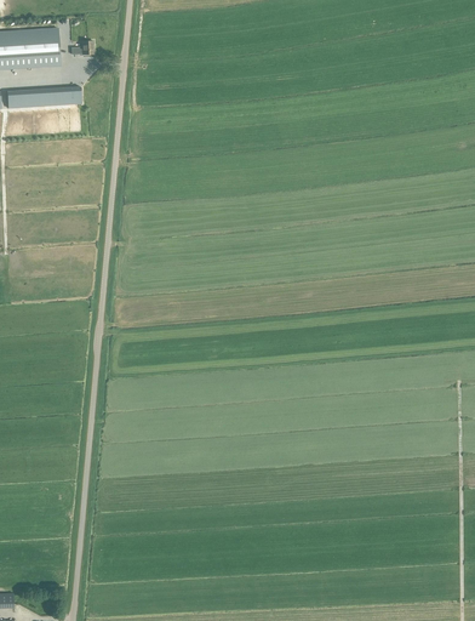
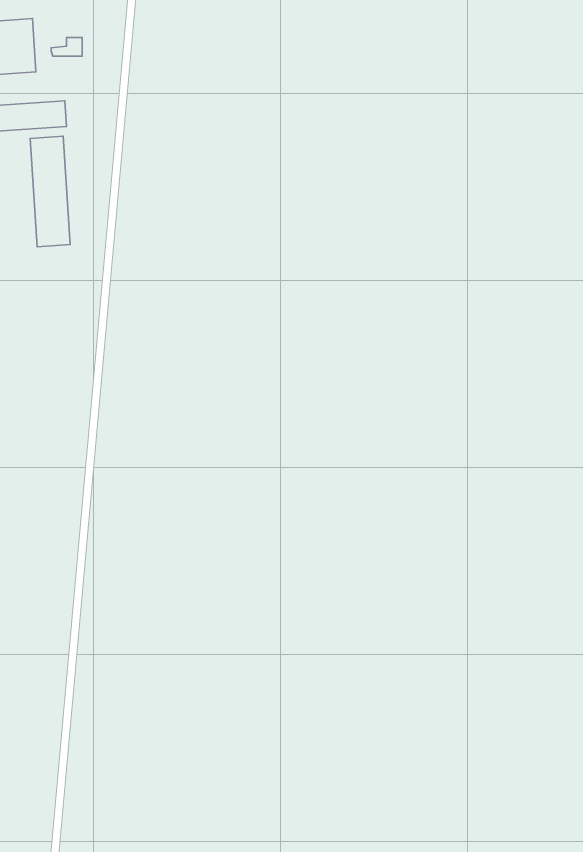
building: none -> [30,136,70,247]

